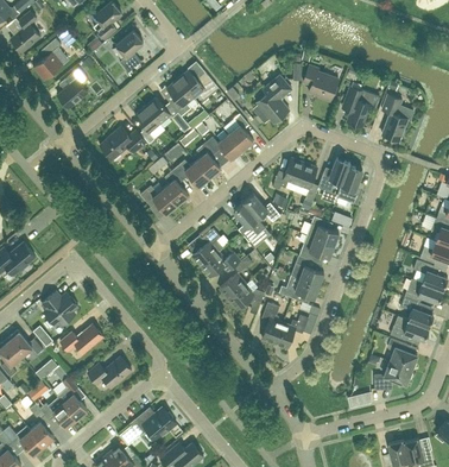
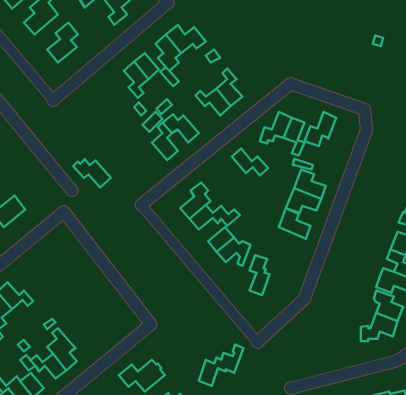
building: [302,65,337,102] -> none
building: [252,76,291,124] -> none
building: [341,86,379,127] -> none
building: [381,95,406,141] -> none
building: [99,127,146,160] -> none
building: [195,141,221,179] -> none
building: [336,164,362,204] -> none
building: [140,188,178,216] -> [73,159,111,187]
building: [233,203,265,242] -> none
building: [278,278,318,304] -> none
building: [42,294,77,326] -> none
building: [274,307,320,348] -> [199,345,244,386]
building: [59,324,103,354] -> none
building: [87,358,132,389] -> none

